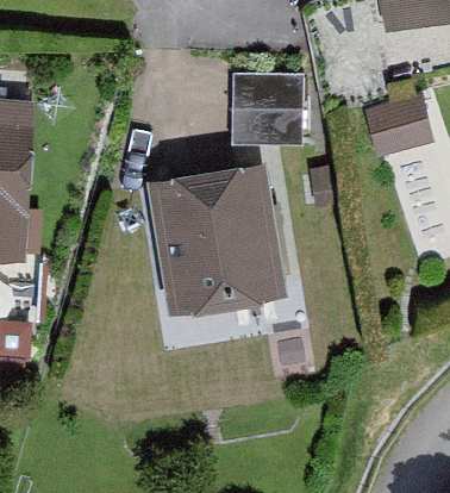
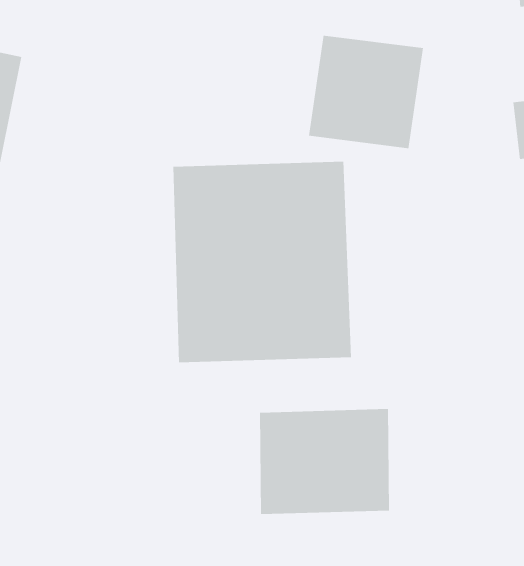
building: none -> [260,408,389,515]

